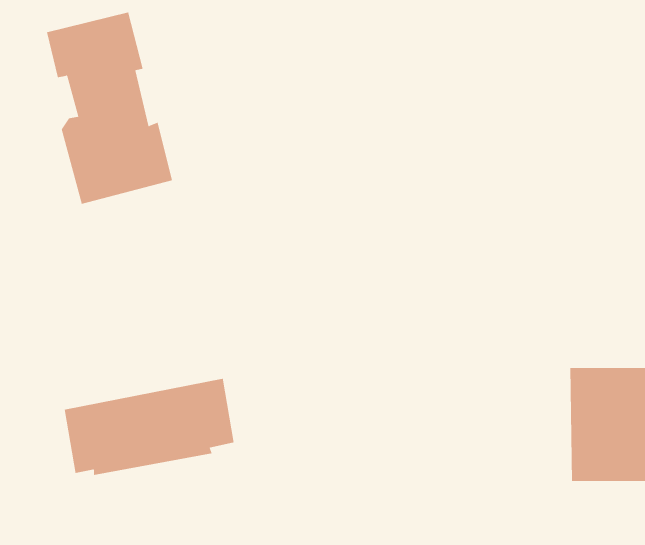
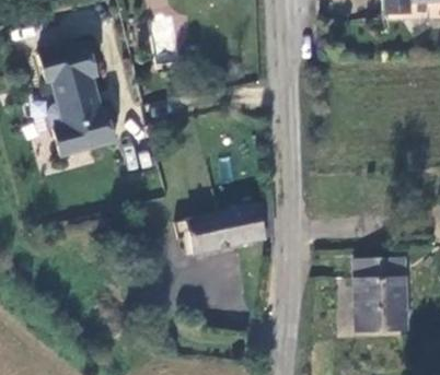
building: [64,378,234,475] -> [166,201,268,259]

